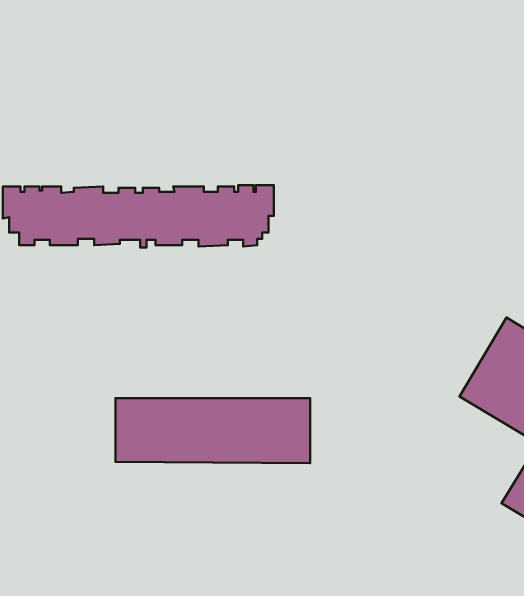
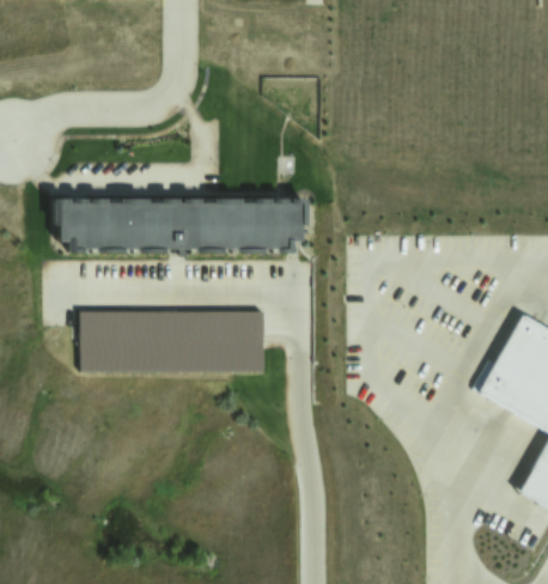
building: [116,398,310,463] -> [80,310,263,371]

